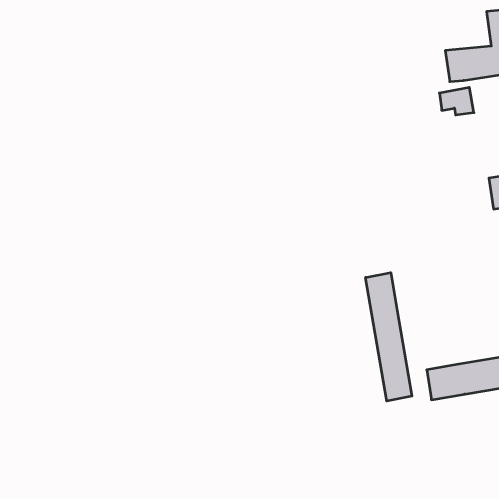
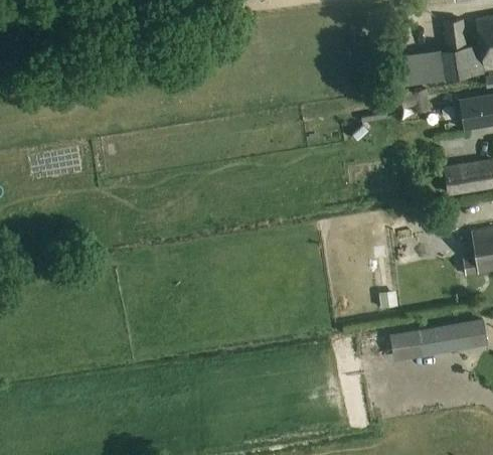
building: [366,273,412,401] -> none

